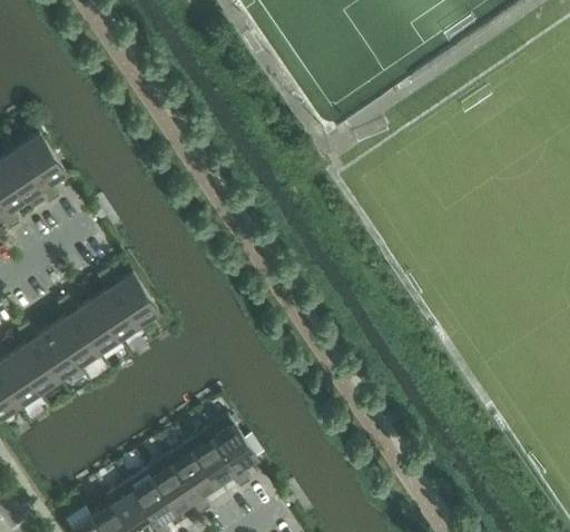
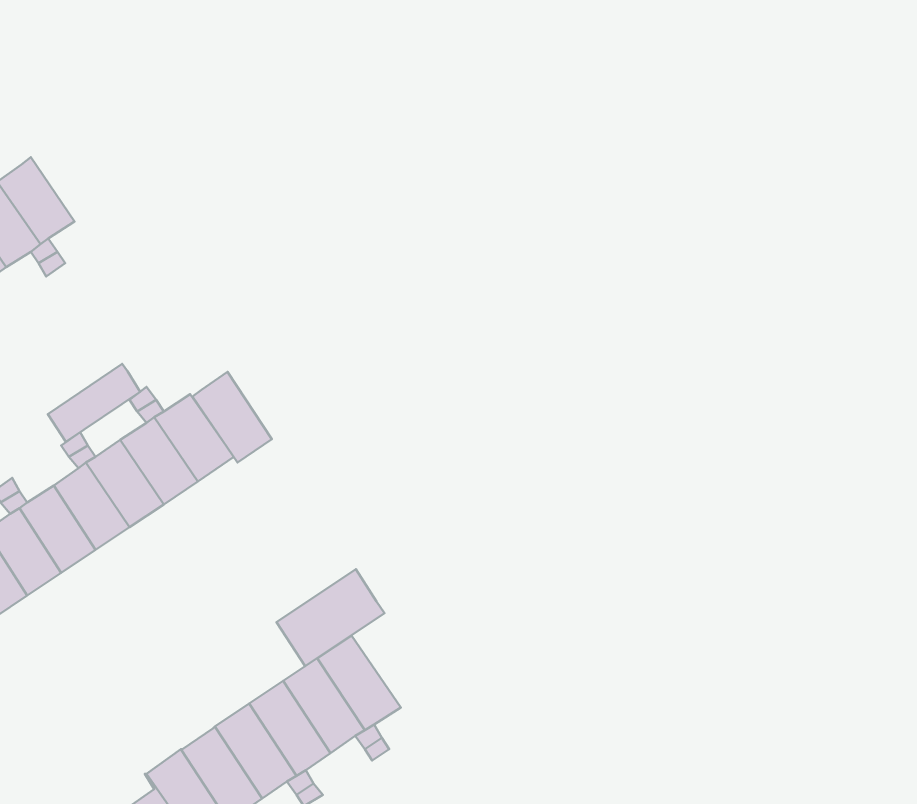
building: none -> [48,364,140,442]
building: none -> [193,372,272,462]
building: none -> [276,569,385,666]

